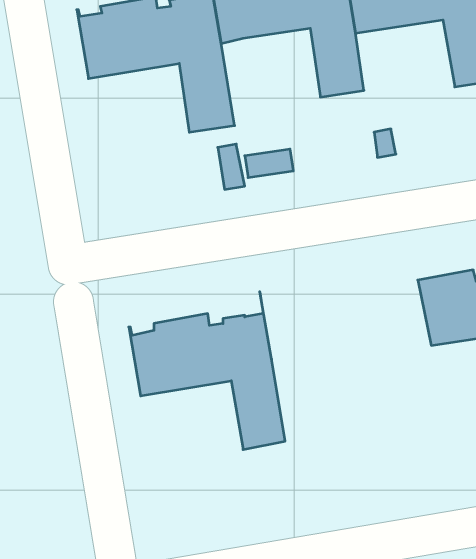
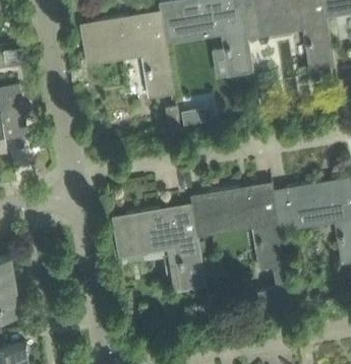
building: none -> [189,182,292,316]

